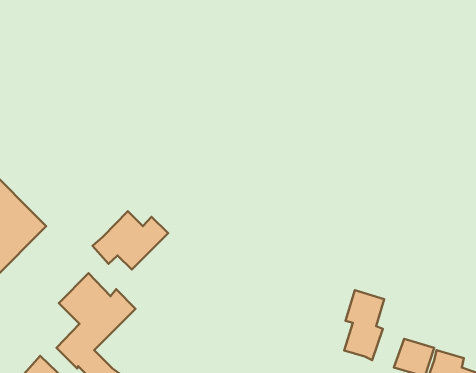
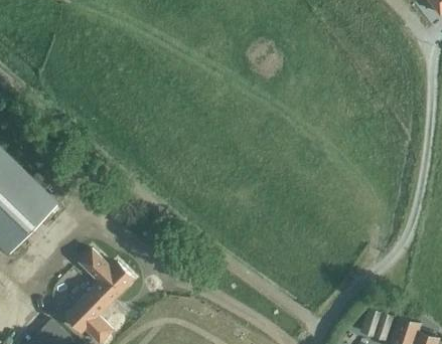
building: [92,211,168,269] -> none
building: [344,290,384,360] -> none

